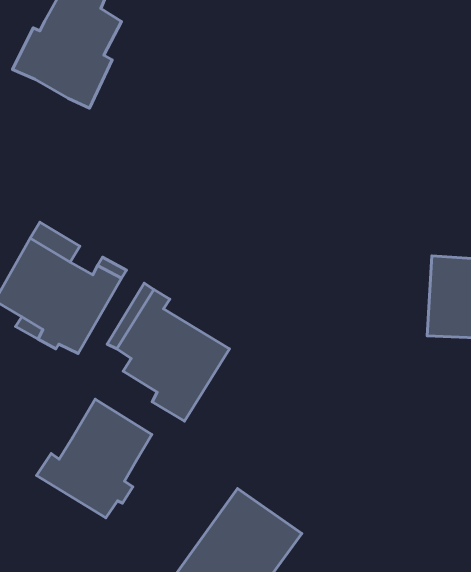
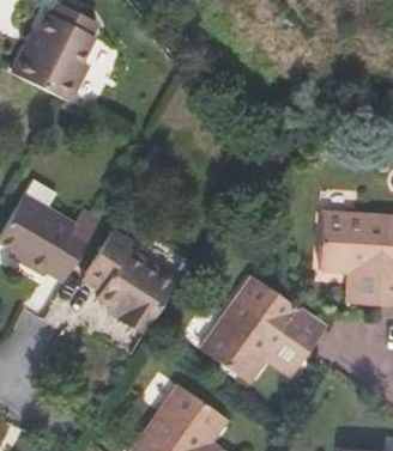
building: none -> [202,276,325,383]
building: [37,399,152,518] -> none

